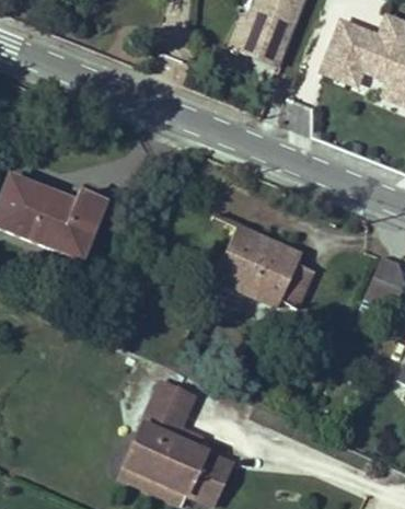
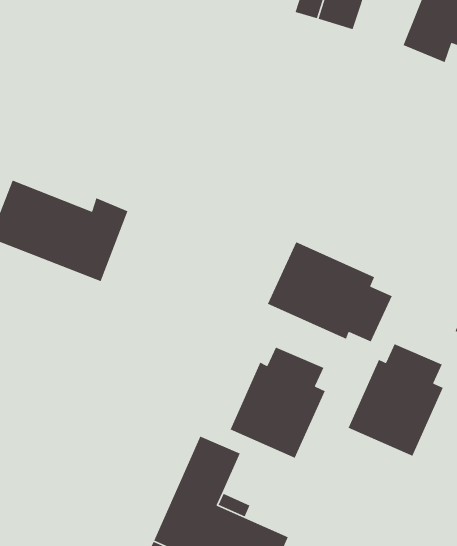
building: none -> [348,343,444,457]
building: none -> [229,346,326,459]

